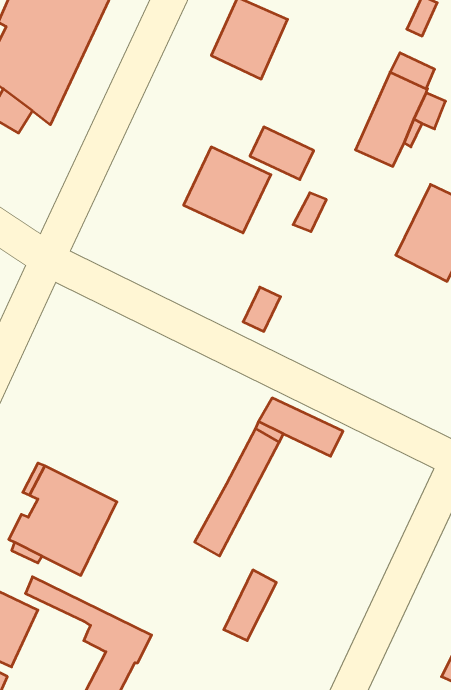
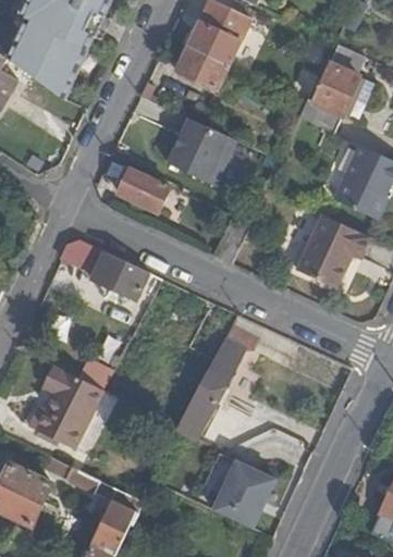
building: [250,127,314,180] -> [177,46,228,87]
building: none -> [118,168,170,212]
building: none -> [296,216,368,289]
building: none -> [60,240,148,299]
building: none -> [216,465,280,531]

